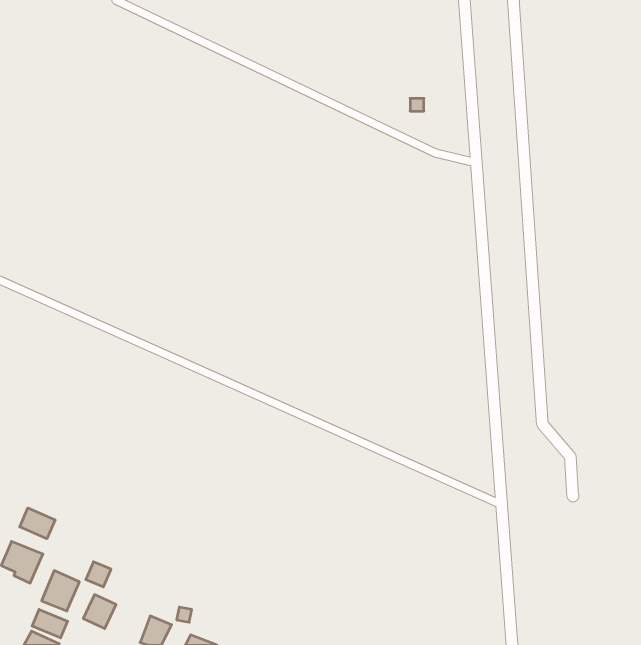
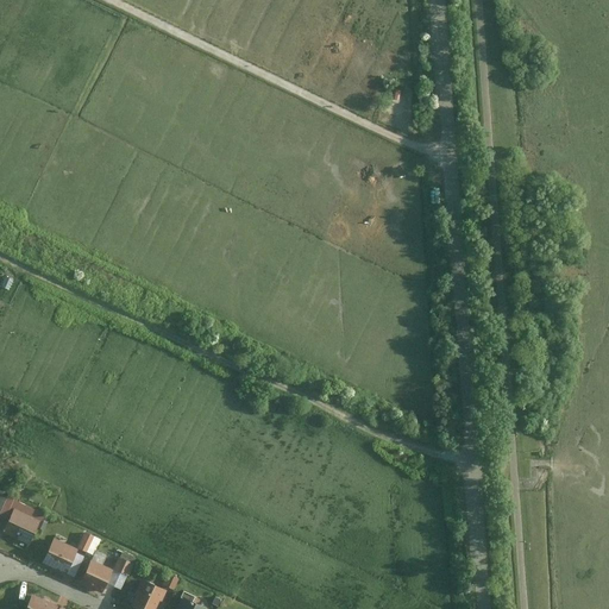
building: [20,508,55,539] -> none
building: [32,609,68,638] -> none

